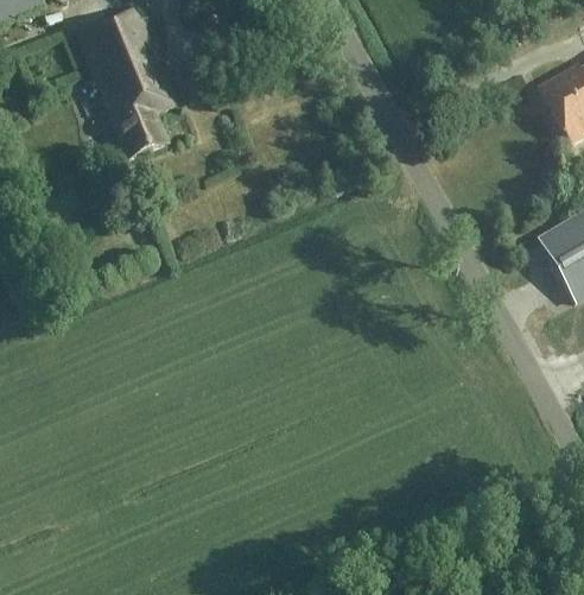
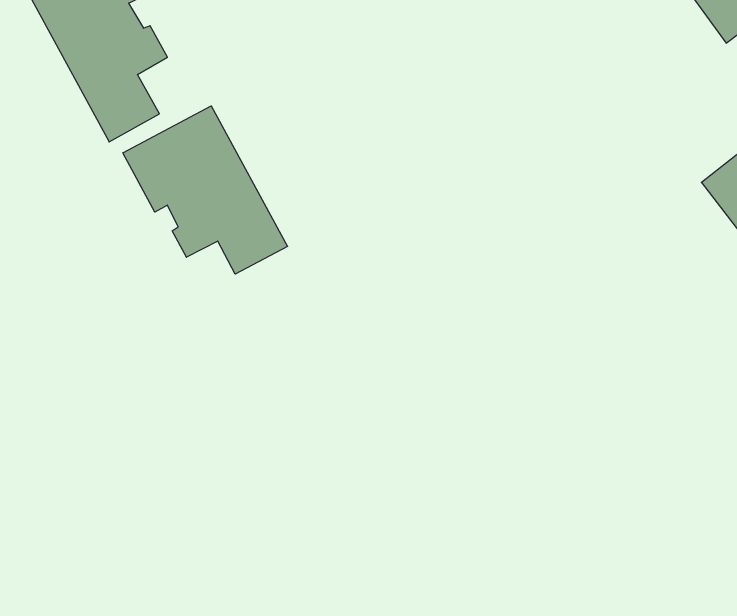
building: none -> [123,106,288,274]

